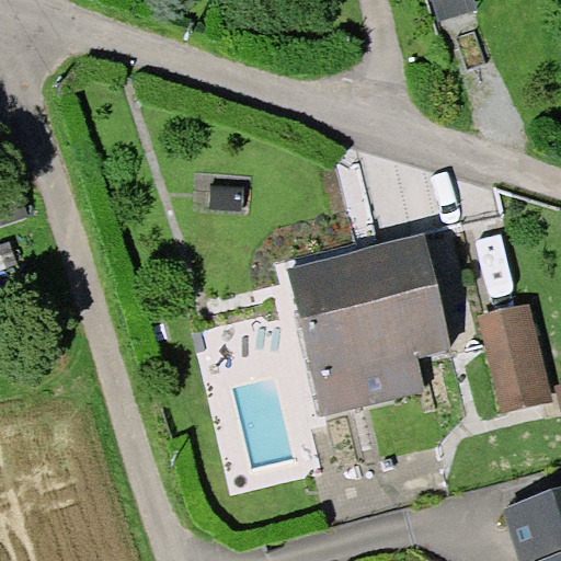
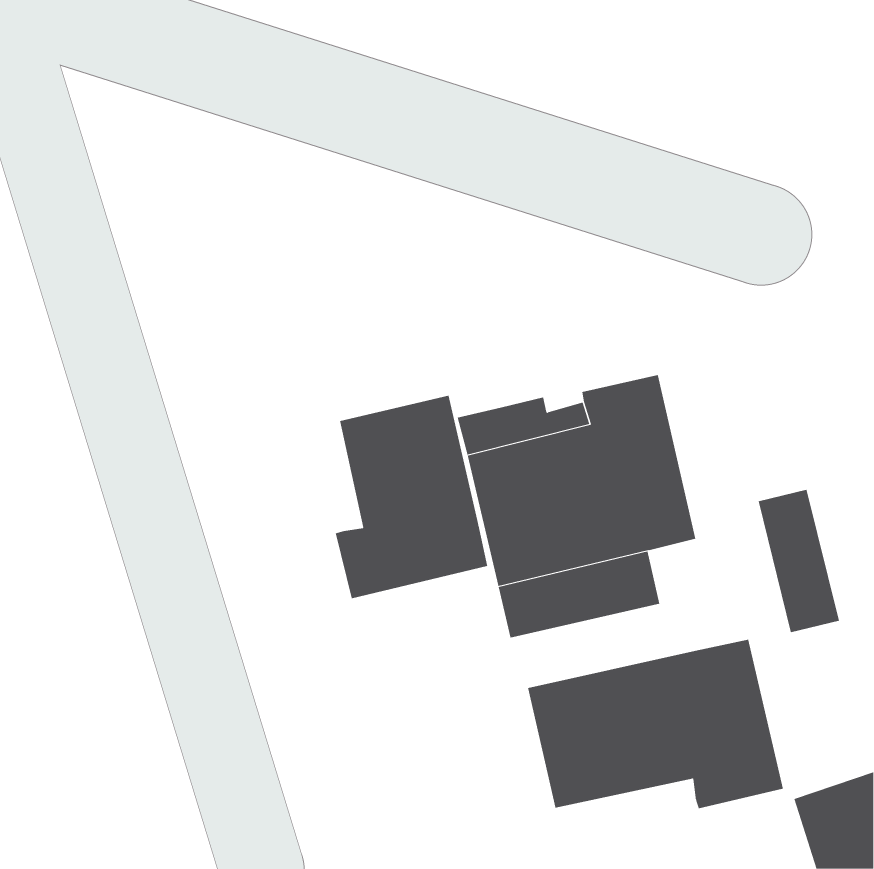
building: none -> [335,395,488,599]
building: none -> [528,639,784,809]

